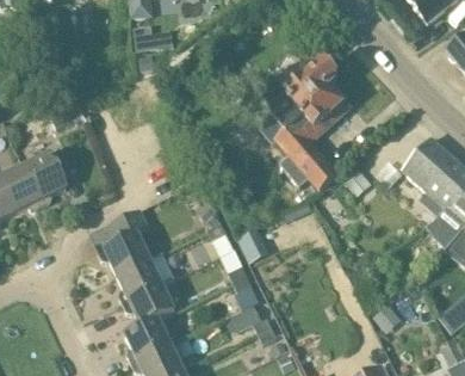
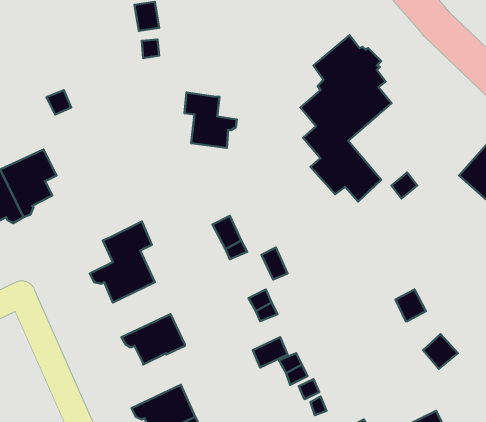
building: none -> [185,93,237,148]
building: [116,252,176,303] -> none
building: [124,316,172,362] -> none

